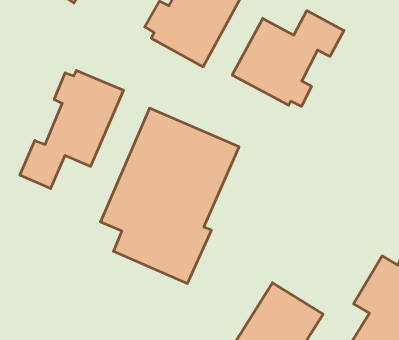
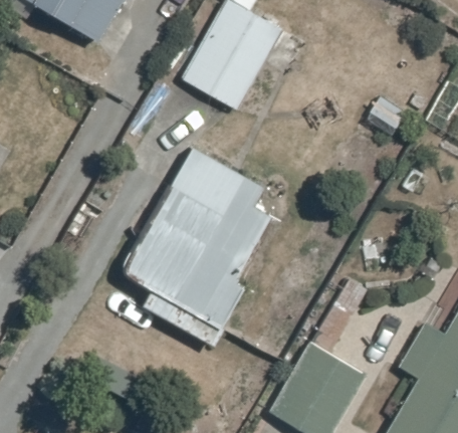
building: [232,11,344,106] -> none
building: [20,70,123,189] -> none

